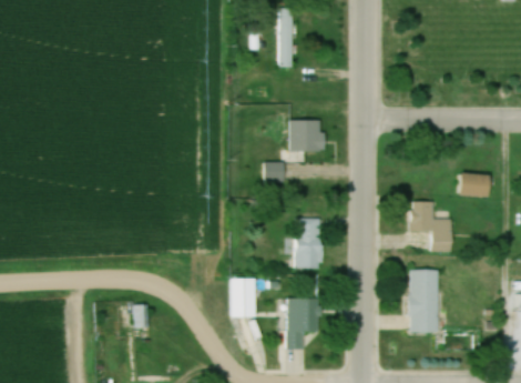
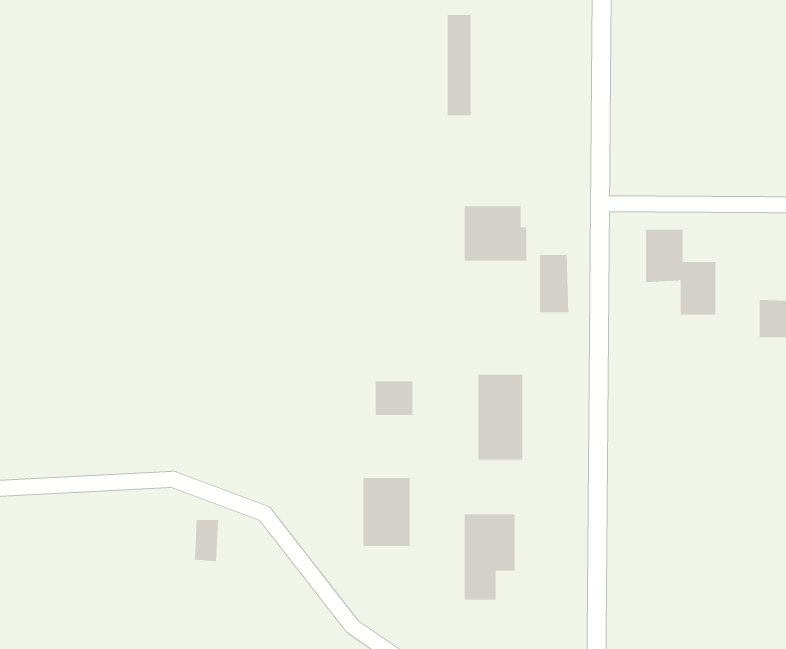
building: none -> [539,254,569,313]
building: [263,161,285,181] -> [375,381,413,415]
building: [411,201,452,251] -> [645,229,716,315]
building: [409,270,439,333] -> none

